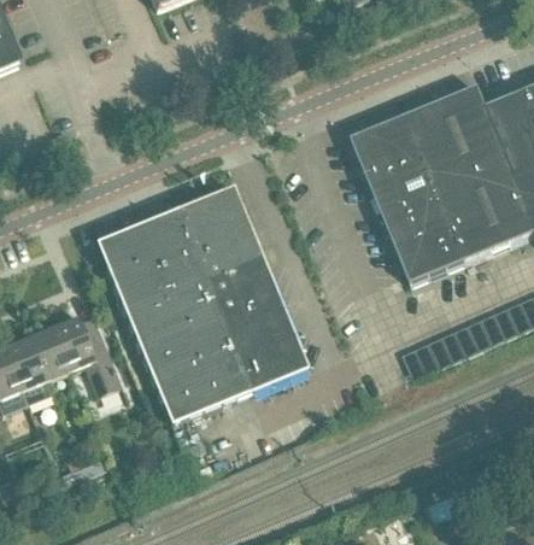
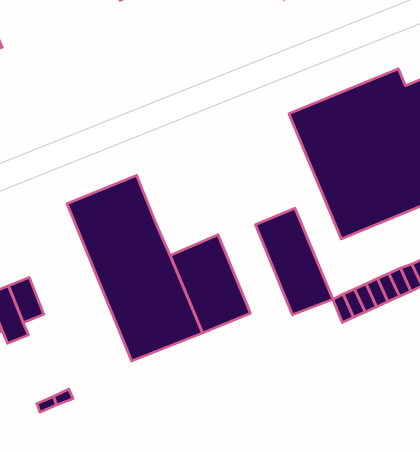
building: [176,186,270,301] -> none
building: none -> [256,208,333,315]
building: [52,316,121,394] -> none

